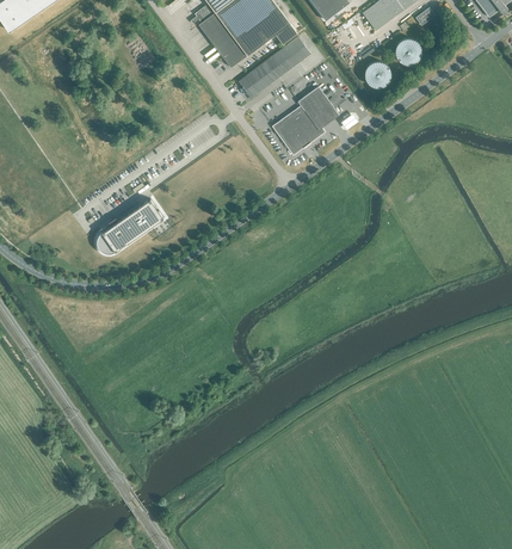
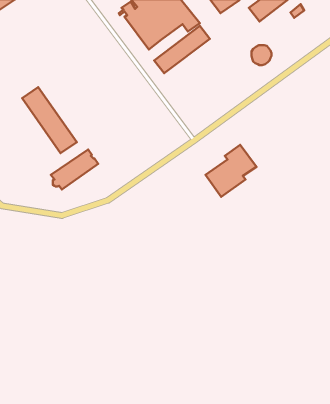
building: [395,38,421,64] -> none
building: [272,86,339,154] -> [206,145,256,197]
building: none -> [22,87,77,153]

